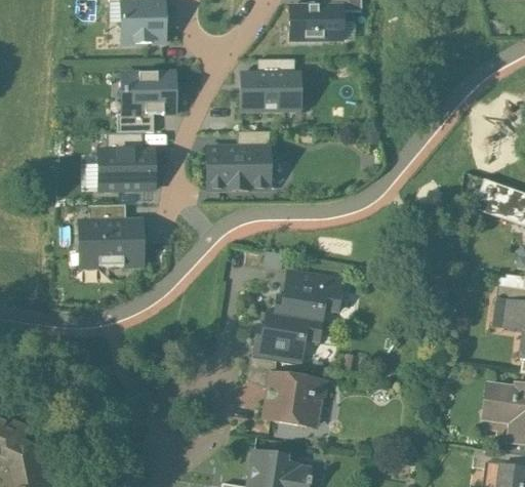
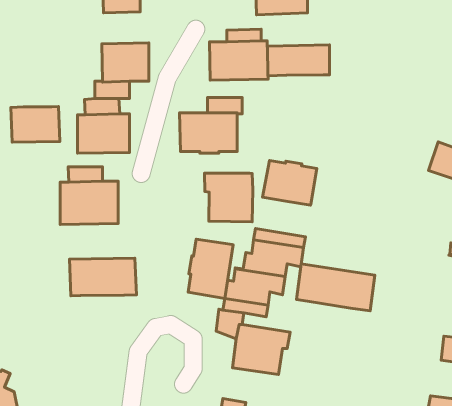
building: none -> [268,45,330,76]
building: none -> [11,107,60,142]
building: none -> [262,160,317,205]
building: none -> [205,173,253,222]
building: none -> [188,239,233,299]
building: none -> [69,258,136,296]
building: none -> [297,264,375,311]

